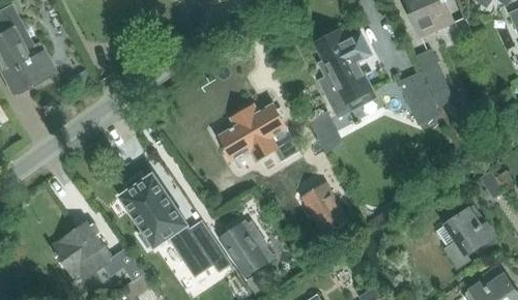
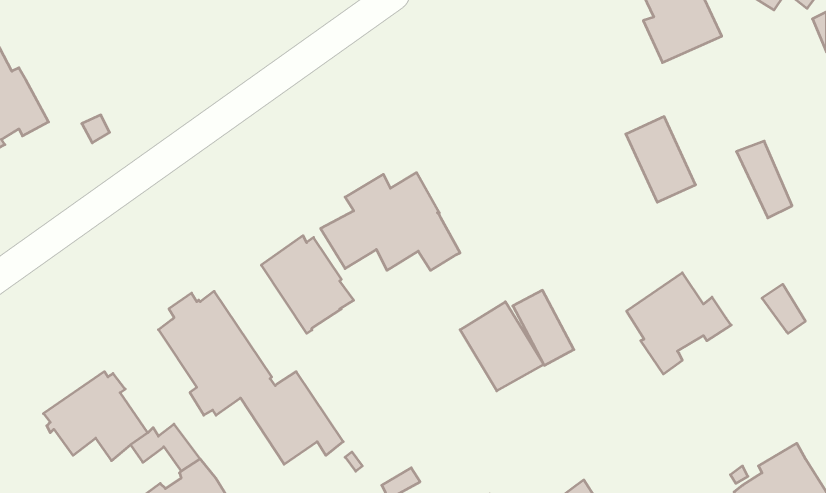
building: [315,29,373,115] -> none
building: [414,48,448,93] -> [736,141,792,218]
building: [309,112,345,156] -> [513,290,574,365]
building: [436,208,498,268] -> [627,273,731,374]
building: [221,218,276,276] -> [261,236,354,333]

